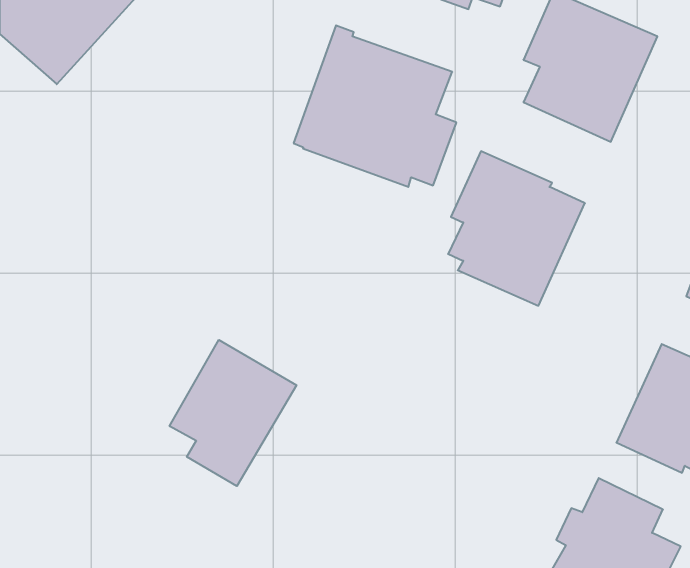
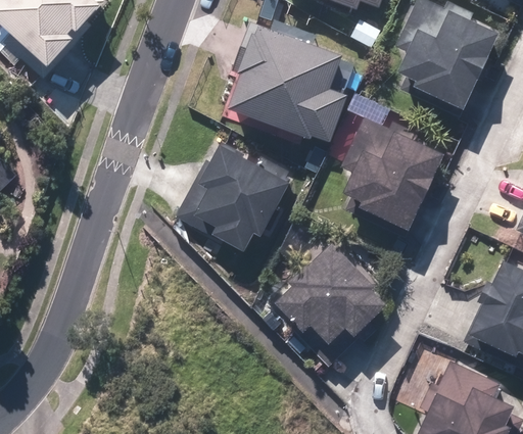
building: none -> [178,142,294,256]
building: none -> [272,239,386,345]
building: [170,340,296,486] -> none

